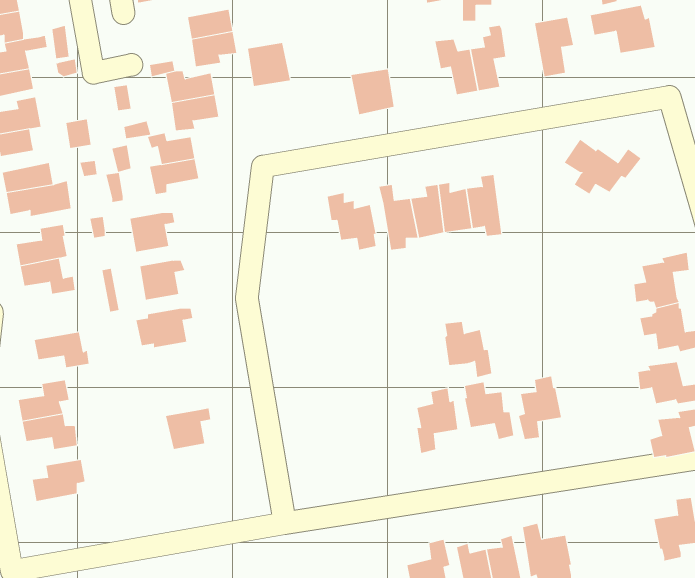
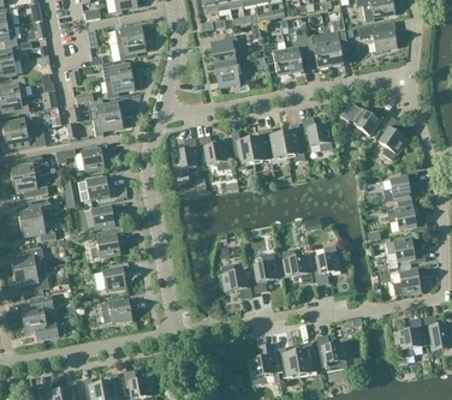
building: none -> [304,32,329,67]
building: [247,43,291,86] -> [209,37,236,64]
building: none -> [302,117,332,150]
building: none -> [377,117,408,160]
building: none -> [171,138,196,177]
building: none -> [19,198,50,223]
building: [444,322,492,377] -> [221,264,250,298]
building: none -> [90,232,123,258]
building: none -> [100,297,135,322]
building: none -> [23,316,58,340]

